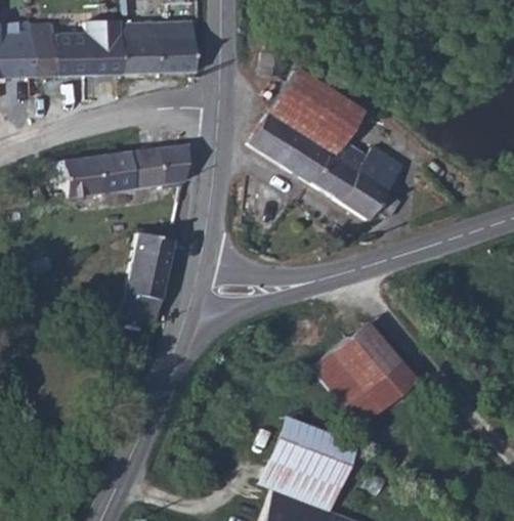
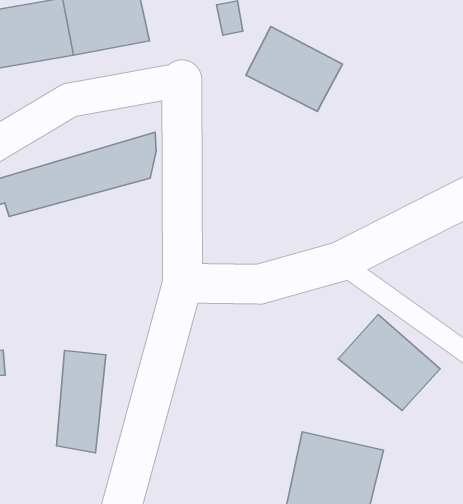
building: [254,107,408,218] -> none
building: [121,236,173,328] -> [56,350,106,453]

